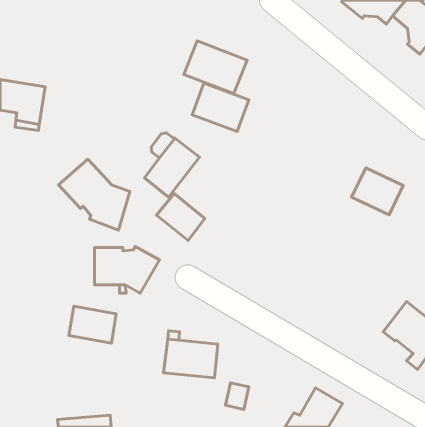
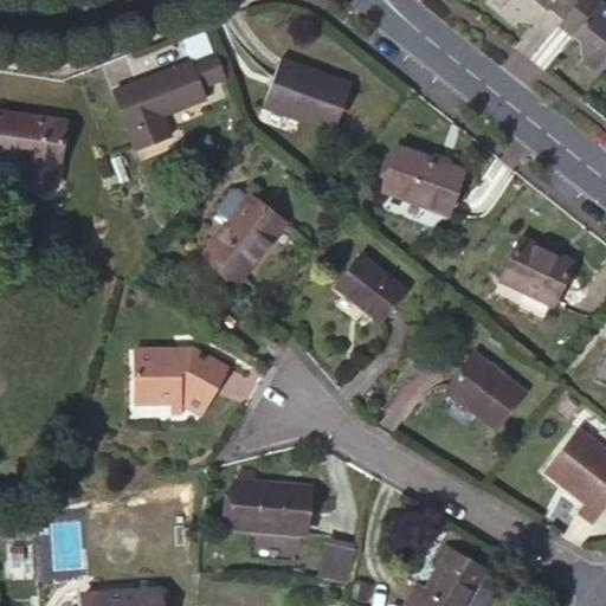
building: none -> [115,53,226,149]
building: [192,83,249,132] -> [385,146,465,214]
building: [58,159,130,230] -> none
building: [157,194,205,240] -> [336,256,405,322]
building: none -> [447,355,523,428]
building: [69,306,116,343] -> none

